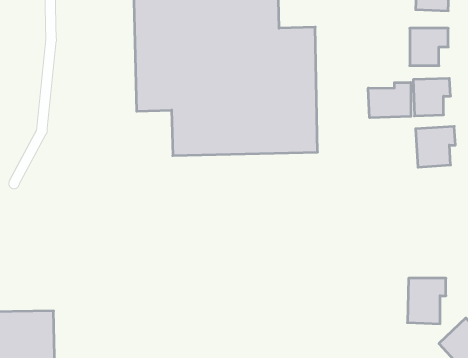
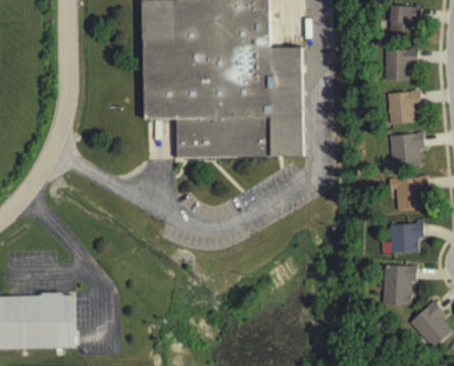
building: [368,82,411,118] -> none
building: none -> [395,175,428,211]
building: none -> [383,222,423,254]

